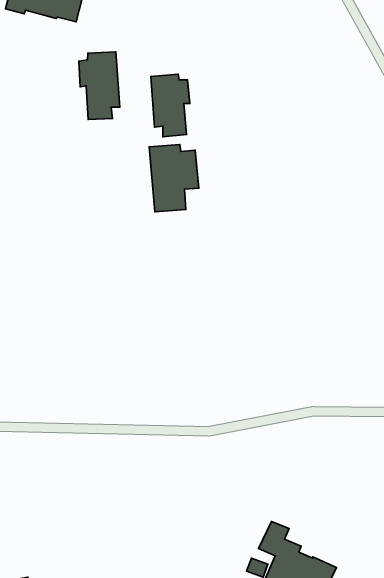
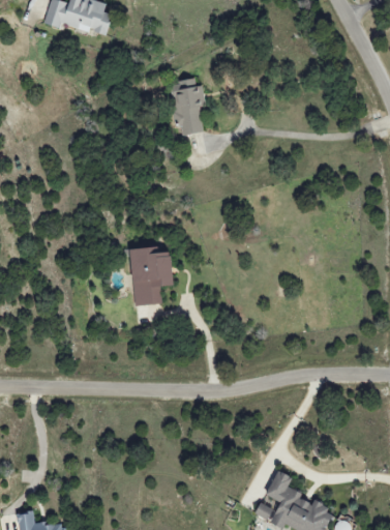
building: [79,52,120,119] -> none
building: [149,144,199,212] -> [129,247,173,306]

